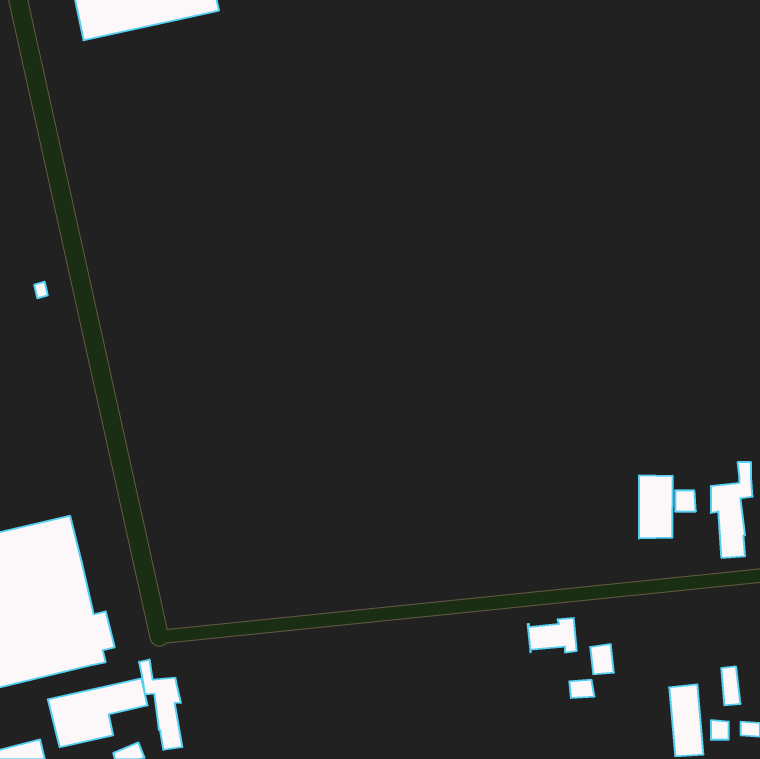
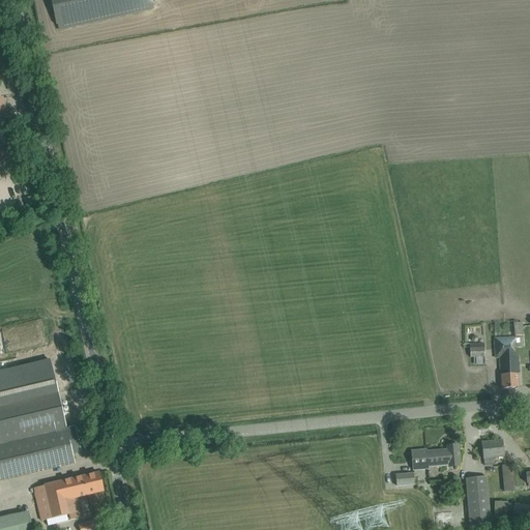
building: [639,475,672,539] -> none
building: [528,618,577,652] -> [424,443,459,467]
building: none -> [480,438,503,464]
building: [139,659,182,750] -> none

